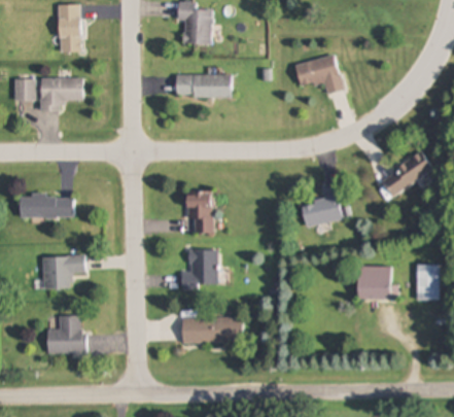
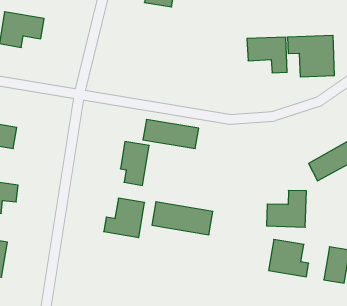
building: none -> [288,35,334,77]
building: [175,75,231,97] -> [143,120,199,149]
building: [301,183,344,227] -> [267,191,306,227]
building: [181,318,242,343] -> [152,202,213,235]

